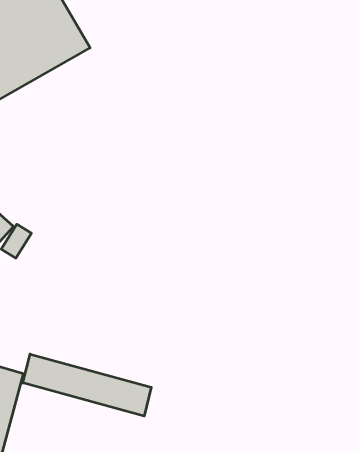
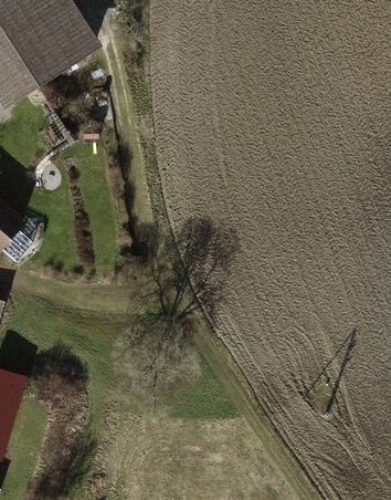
building: [23,354,151,416] -> none

